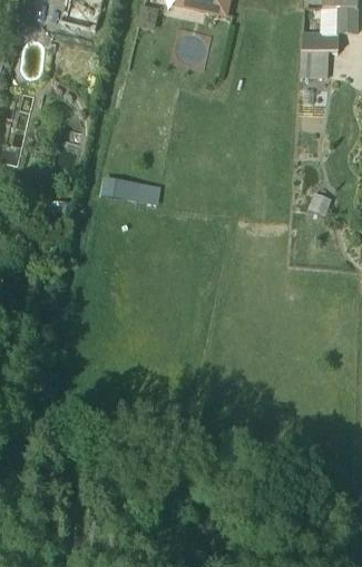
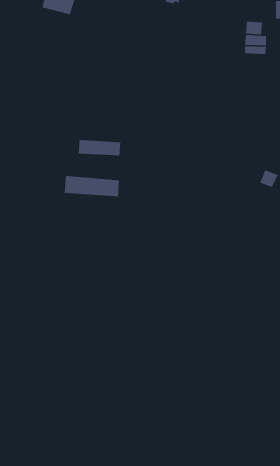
building: none -> [64,175,120,197]

